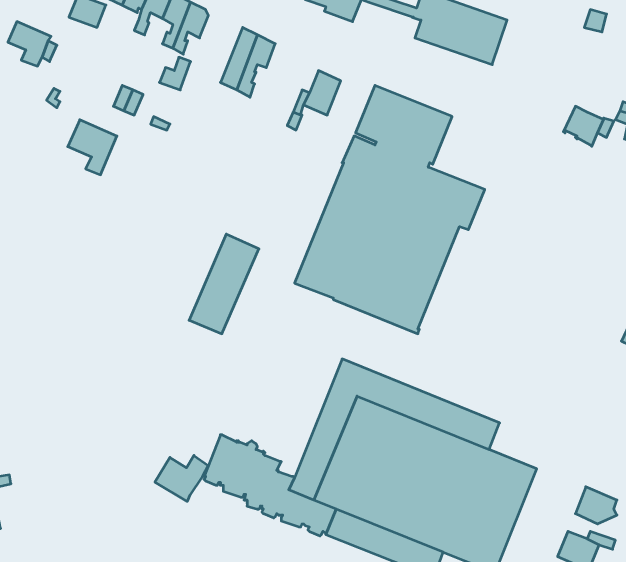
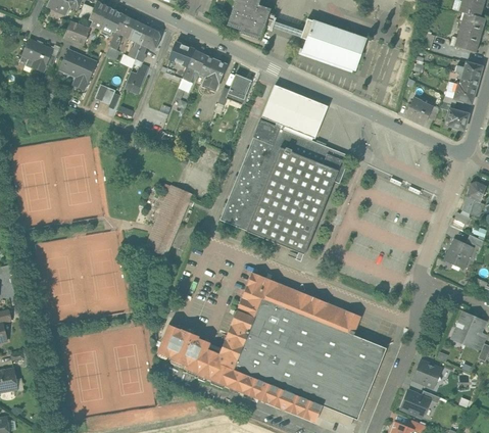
building: none -> [198,55,227,90]
building: [68,120,117,175] -> [61,50,95,88]
building: [155,455,208,501] -> none

